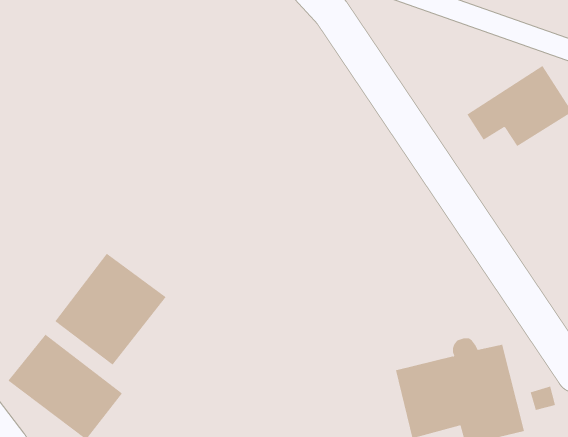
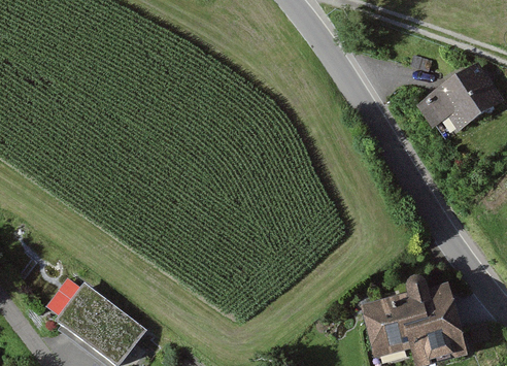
building: [54,253,167,366] -> none

